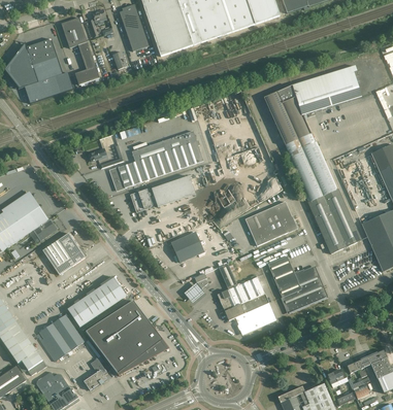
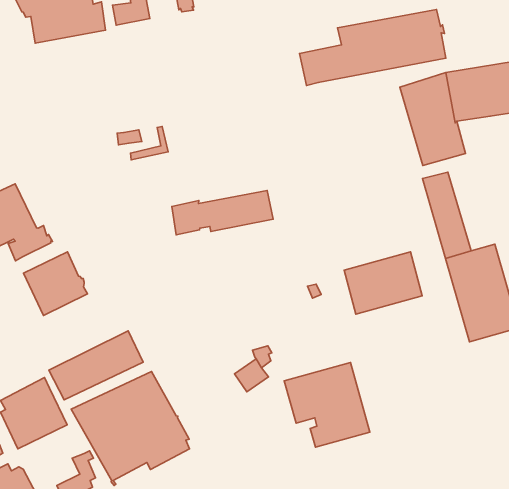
building: [109,130,202,190] -> [300,9,446,86]
building: [301,140,337,195] -> none
building: [170,231,203,262] -> none
building: [267,255,326,312] -> none

